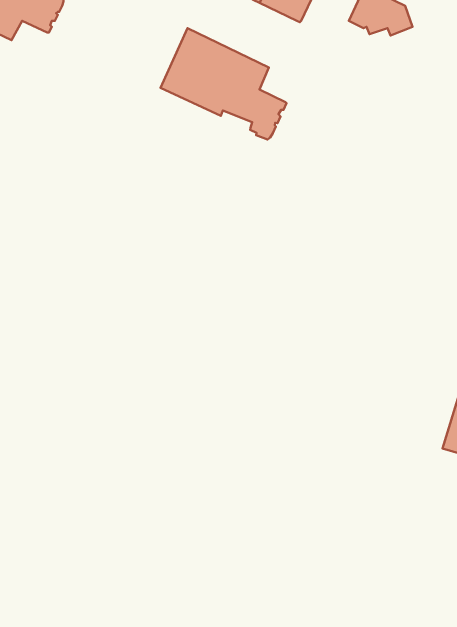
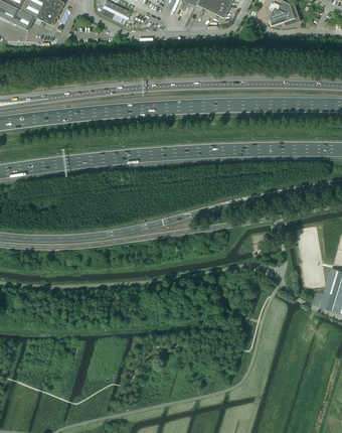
building: [160,28,286,140] -> none

